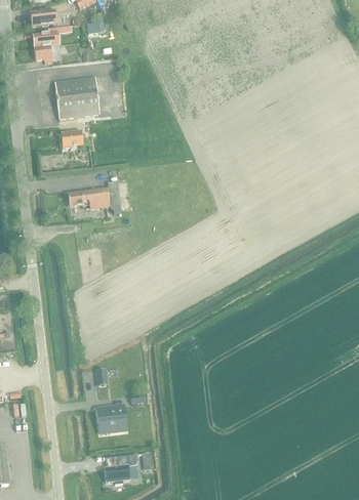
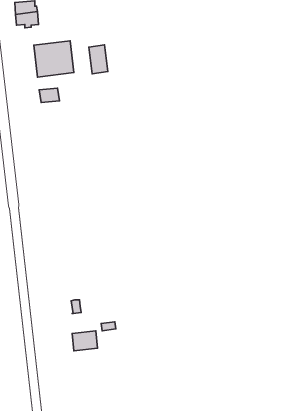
building: none -> [89,45,108,74]
building: [68,189,110,209] -> none
building: [105,454,138,484] -> none

